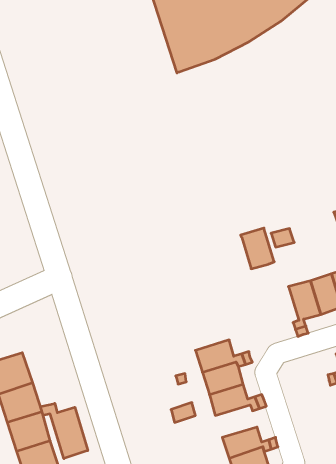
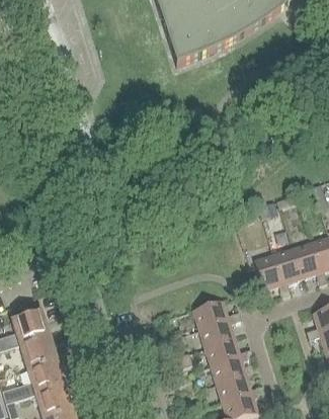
building: [241,228,274,269] -> [252,252,281,287]
building: [41,403,88,459] -> none
building: none -> [209,355,245,384]

